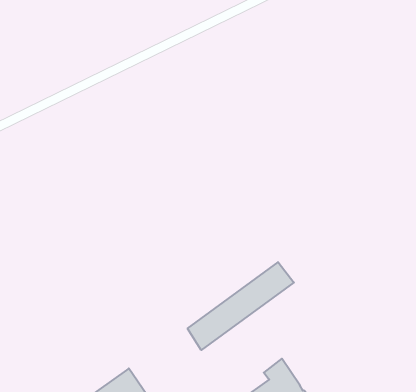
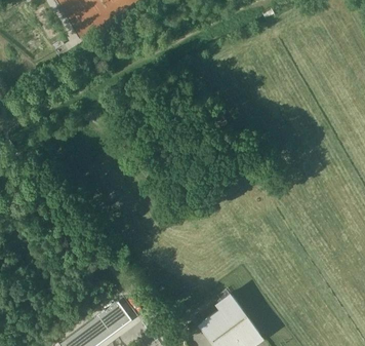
building: [188,262,294,350] -> none

